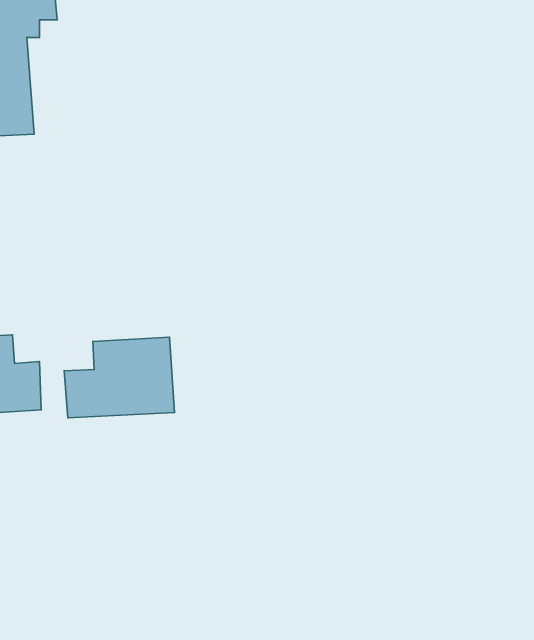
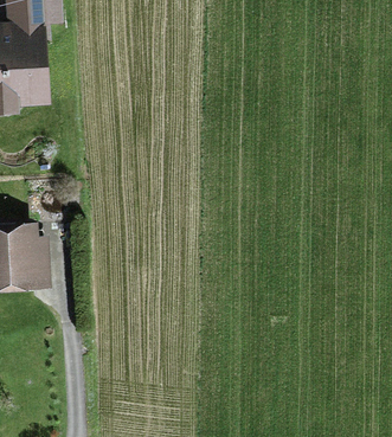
building: [64,337,175,418] -> none

